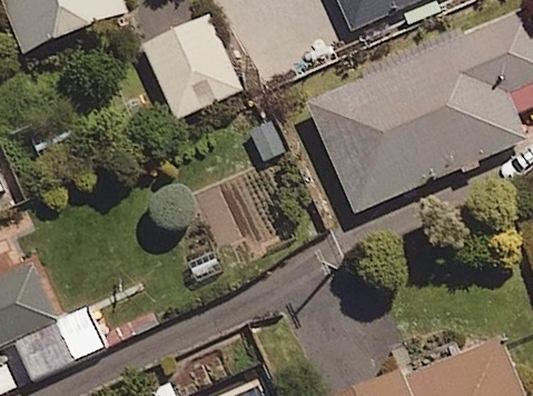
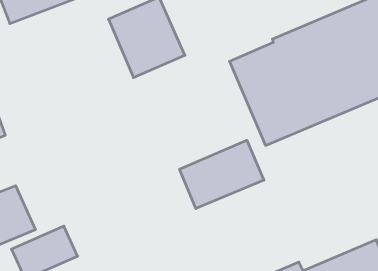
building: none -> [180,140,264,209]

